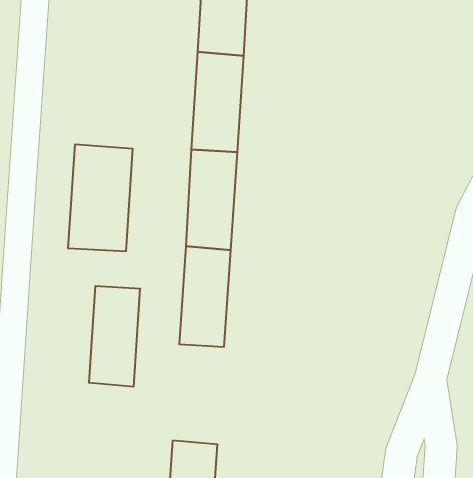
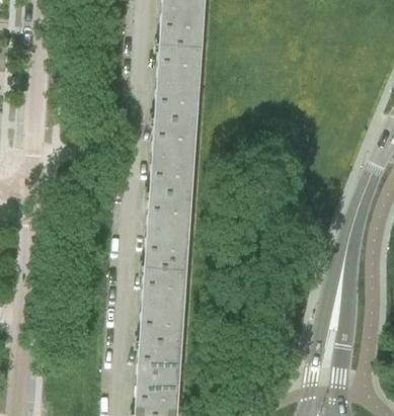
building: [68,144,133,251] -> none
building: [89,286,140,387] -> [142,271,181,348]

